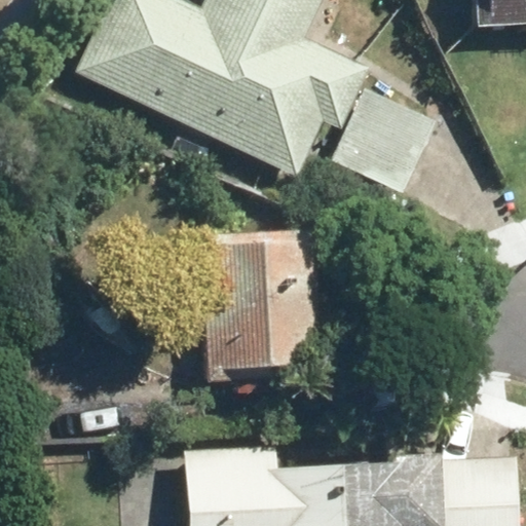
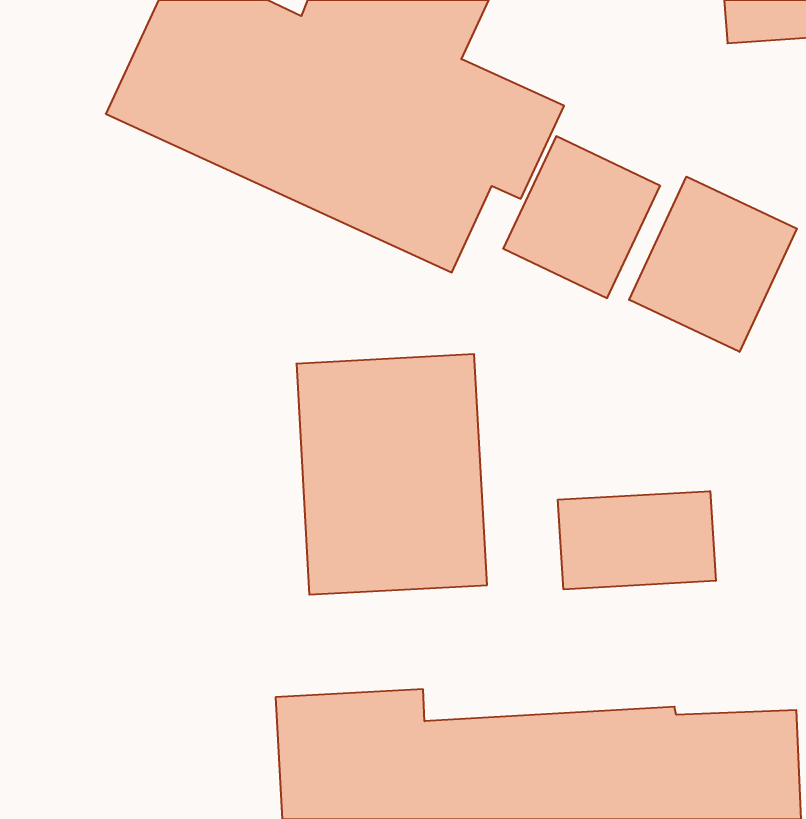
building: none -> [629,177,797,352]
building: none -> [558,491,716,589]

